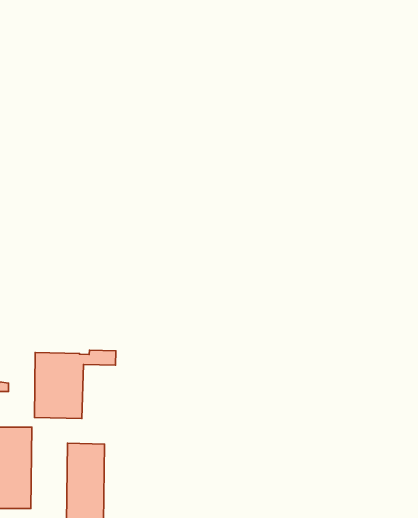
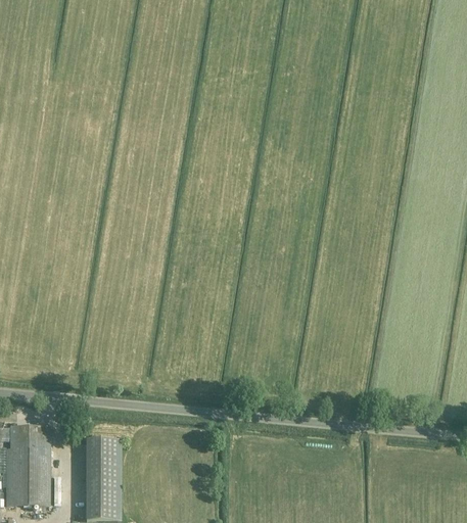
building: [34,350,116,419] -> none

